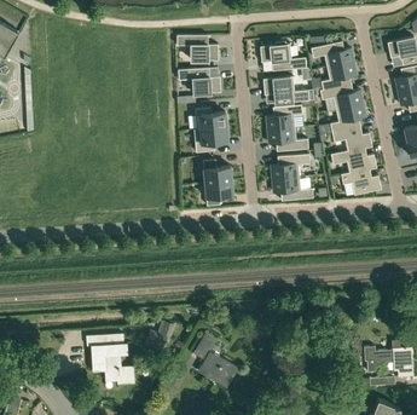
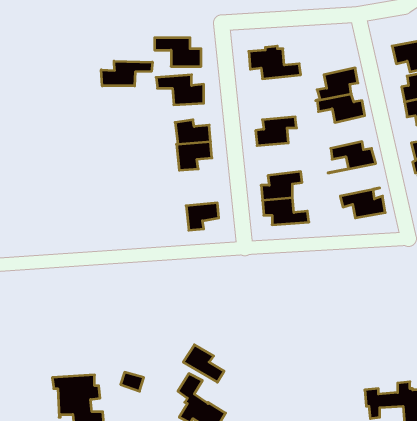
building: [311,41,354,68] -> none
building: none -> [101,61,152,86]
building: [262,76,309,104] -> none
building: [330,104,365,133] -> none
building: [267,128,308,151] -> none
building: [331,146,376,175] -> none
building: [202,160,232,184] -> none
building: none -> [183,345,224,382]

